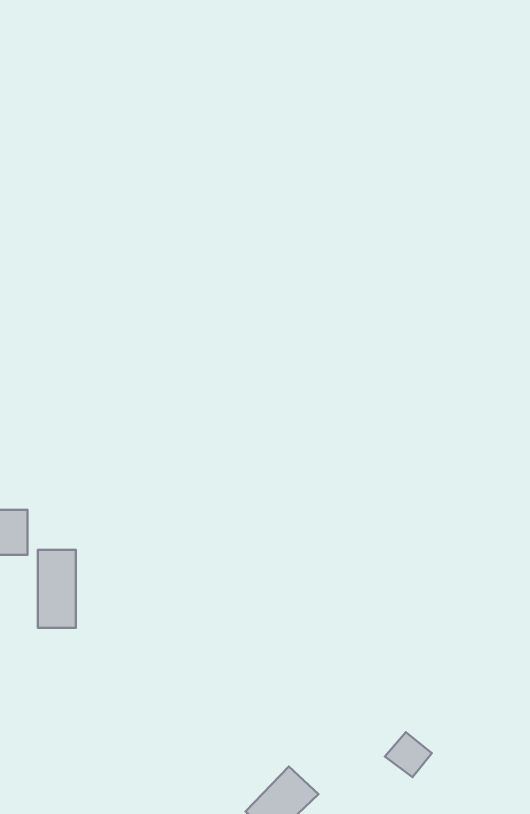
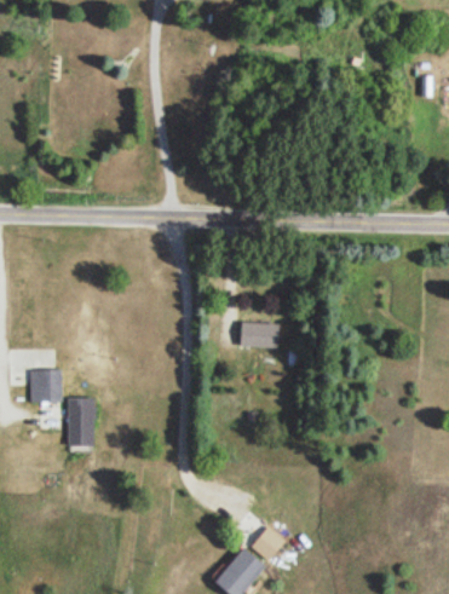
building: none -> [241,323,281,348]
building: [385,732,432,777] -> [252,527,284,559]

